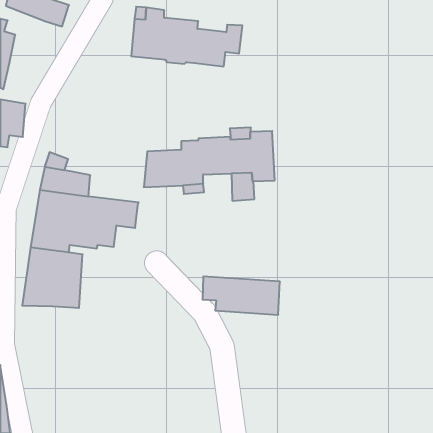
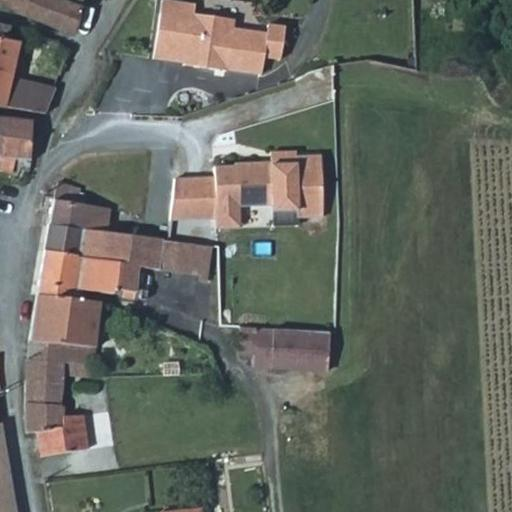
building: none -> [6,74,57,113]
building: none -> [161,241,211,274]
building: none -> [26,359,86,454]

